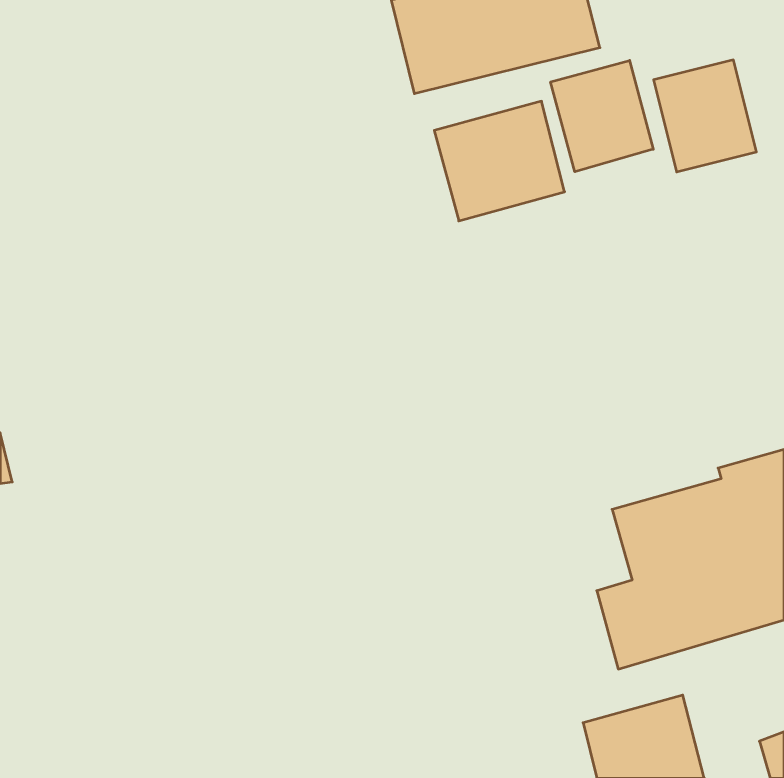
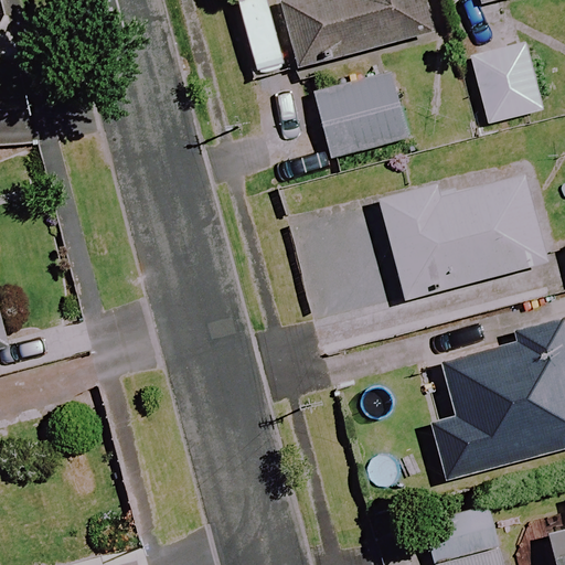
building: [551,60,653,172] -> none
building: none -> [382,169,548,298]

